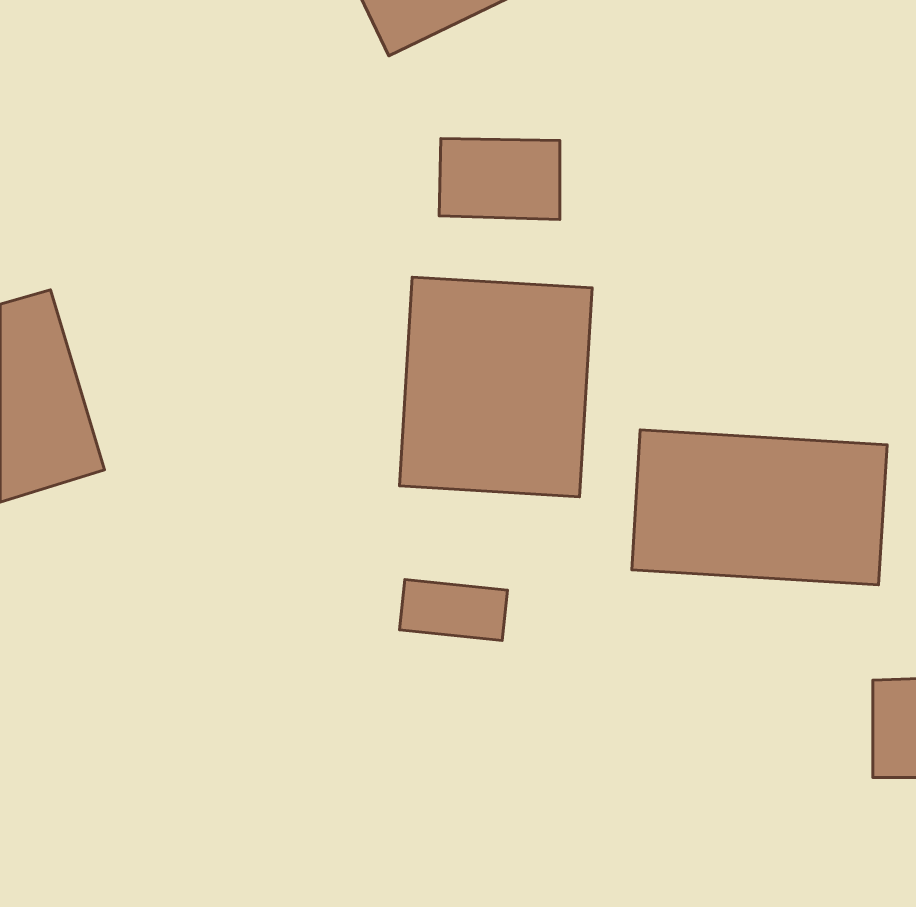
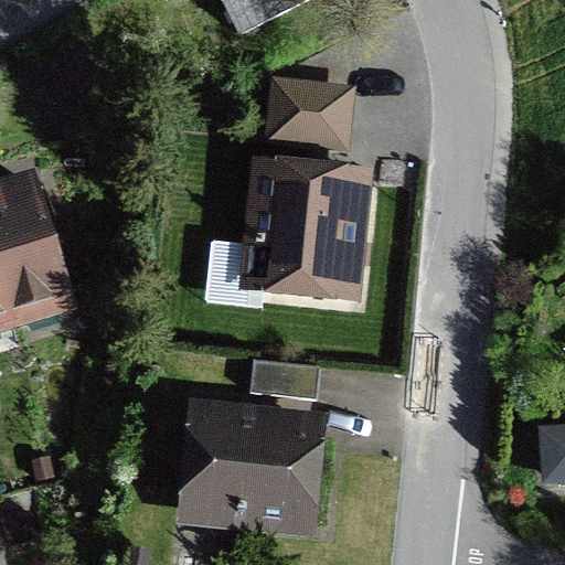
building: [632,430,887,585] -> none
building: none -> [182,426,315,529]

